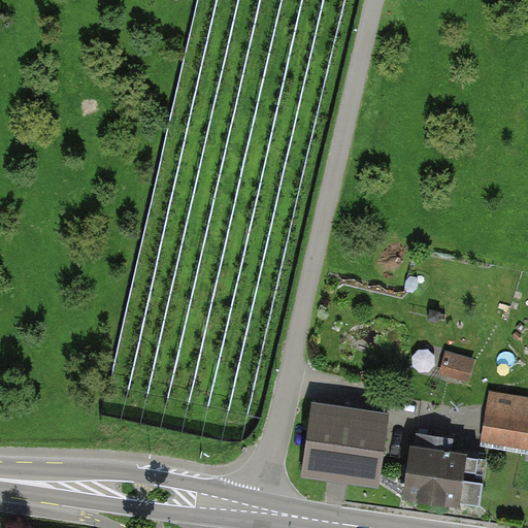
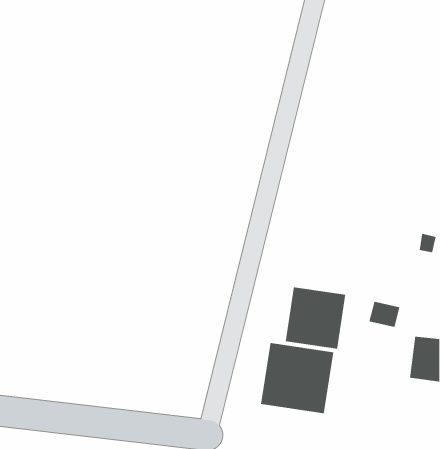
building: none -> [285,287,346,349]
building: [412,447,472,502] -> none

